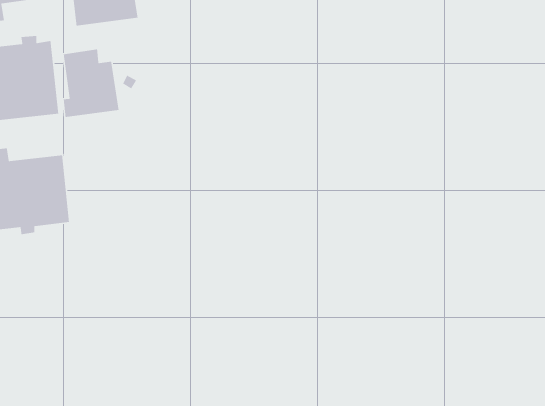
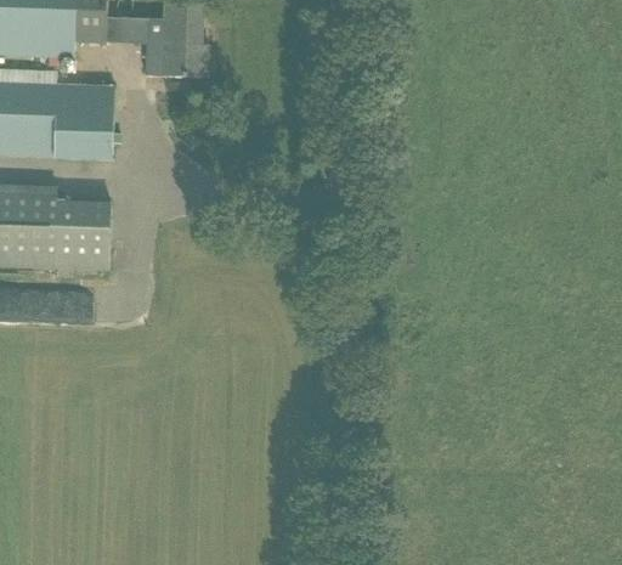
building: [63,49,120,118] -> none

